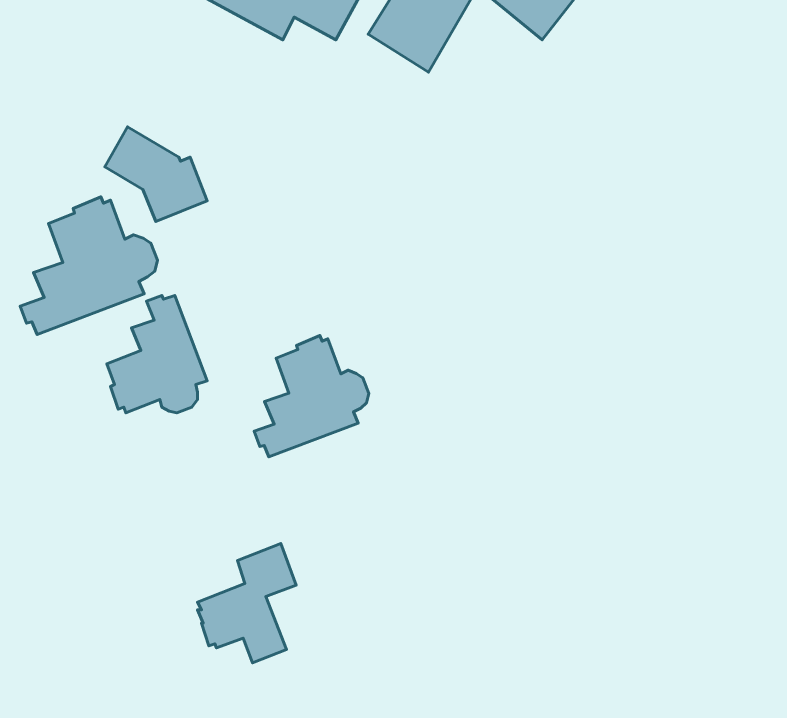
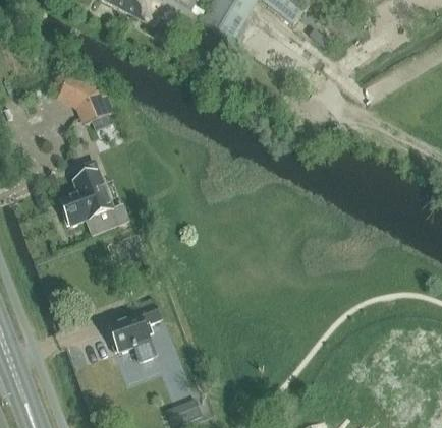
building: [20,197,158,334] -> none
building: [254,336,369,457] -> none

